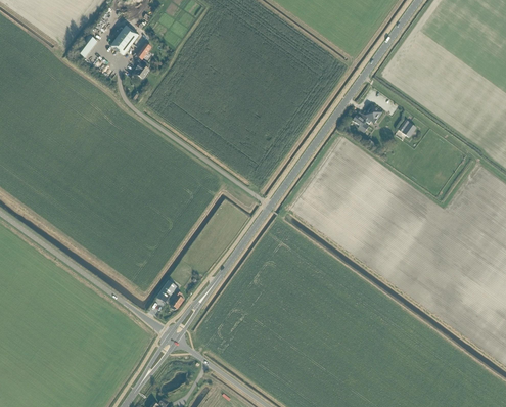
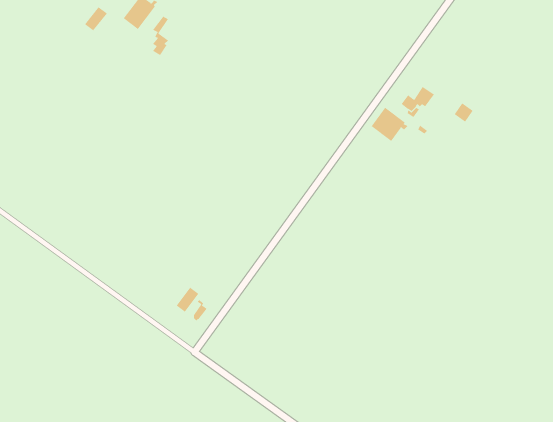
building: none -> [371,107,408,142]

